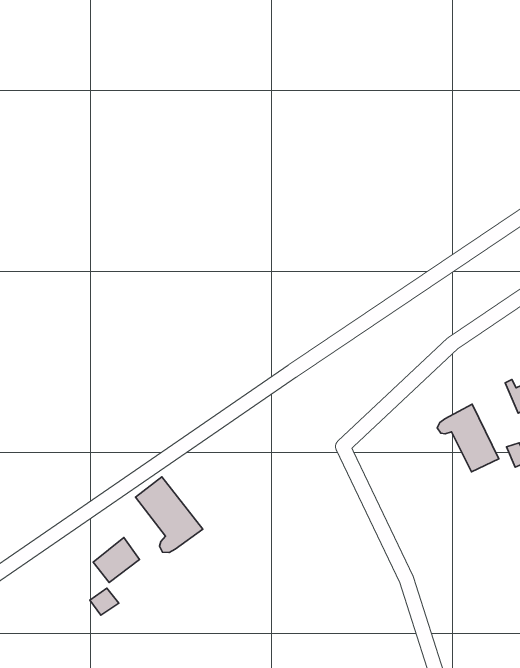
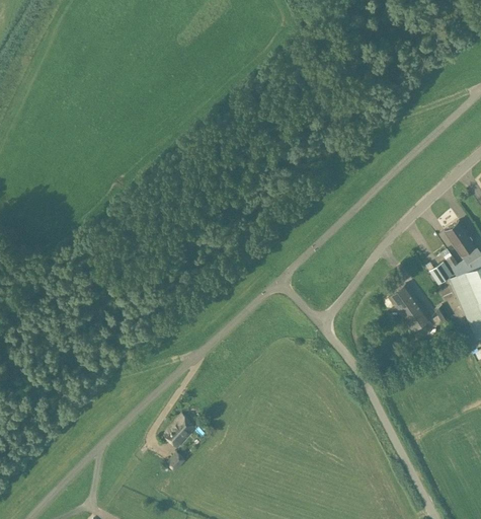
building: [136,477,203,552] -> none

